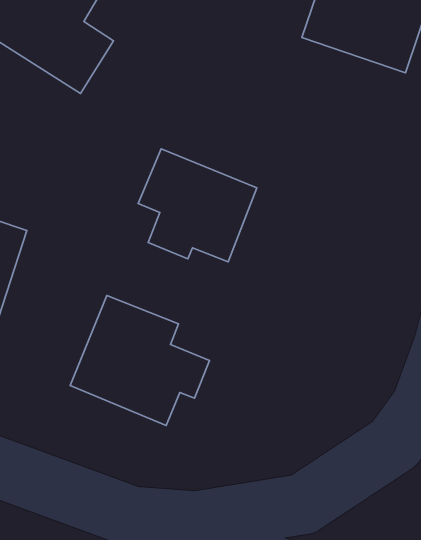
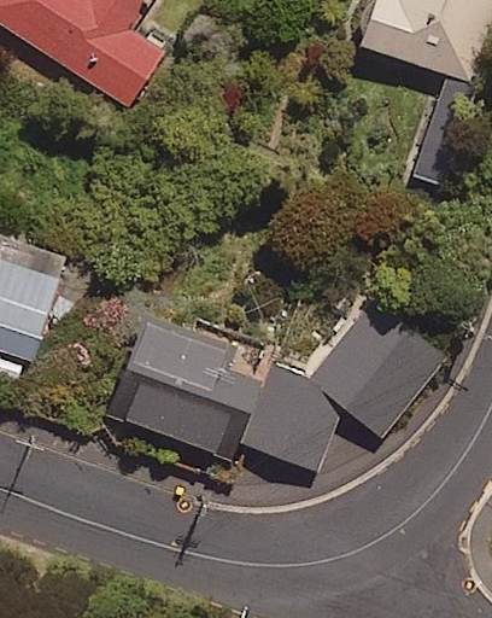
building: [138,149,257,262] -> none
building: none -> [251,298,445,472]

